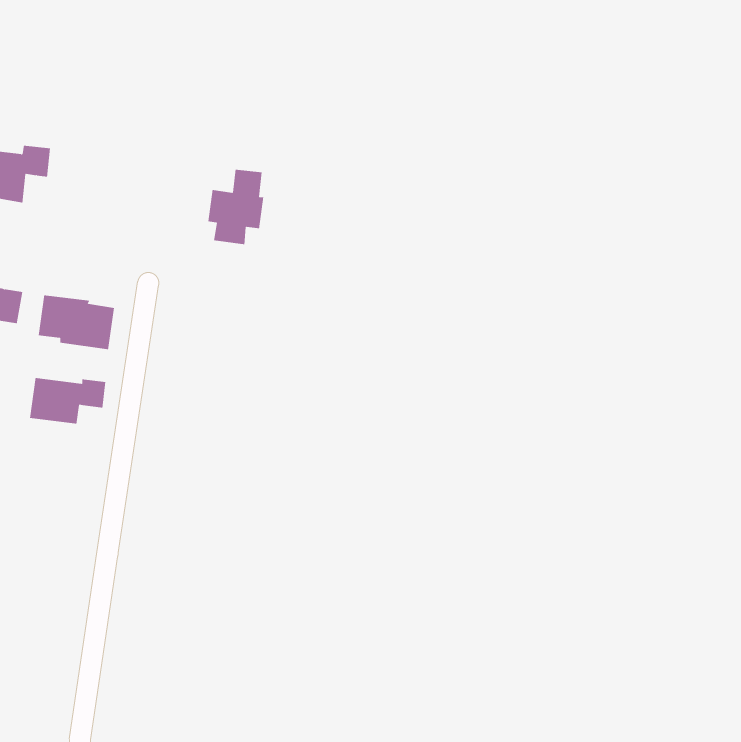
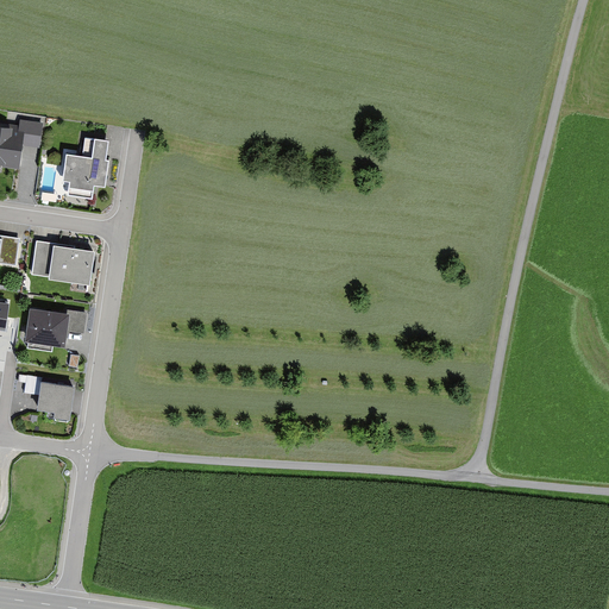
building: [207,169,264,245] -> [62,134,108,196]
building: none -> [37,383,74,421]

